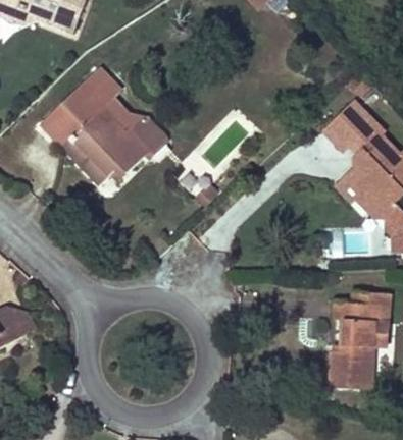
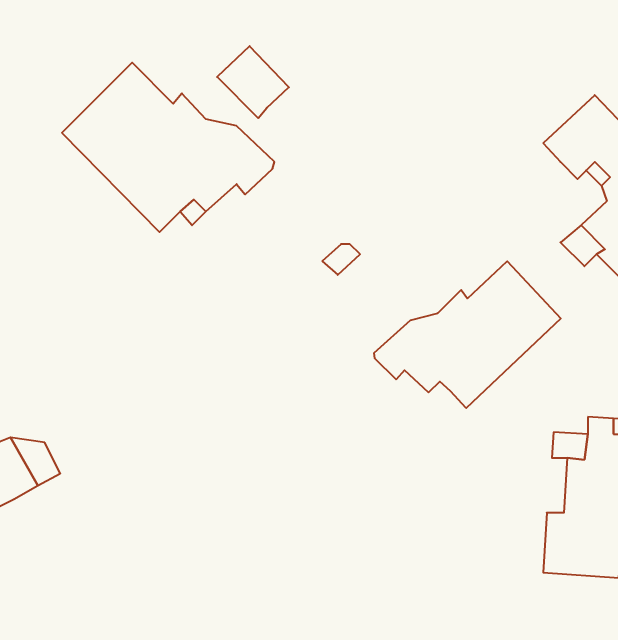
building: [82,63,124,106] -> [217,46,289,118]
building: none -> [374,261,561,408]

